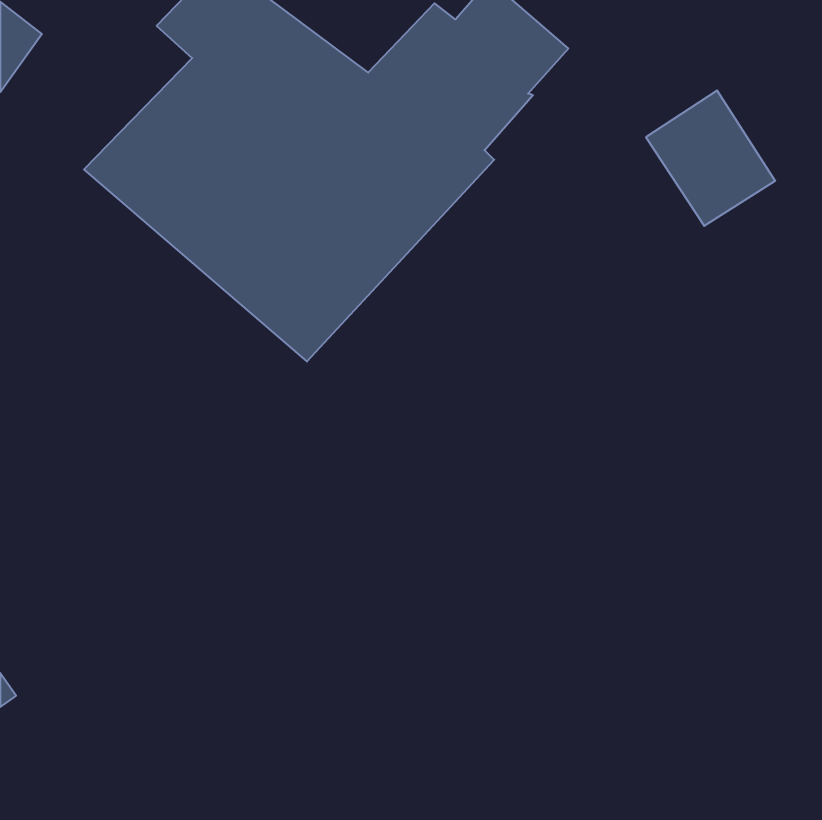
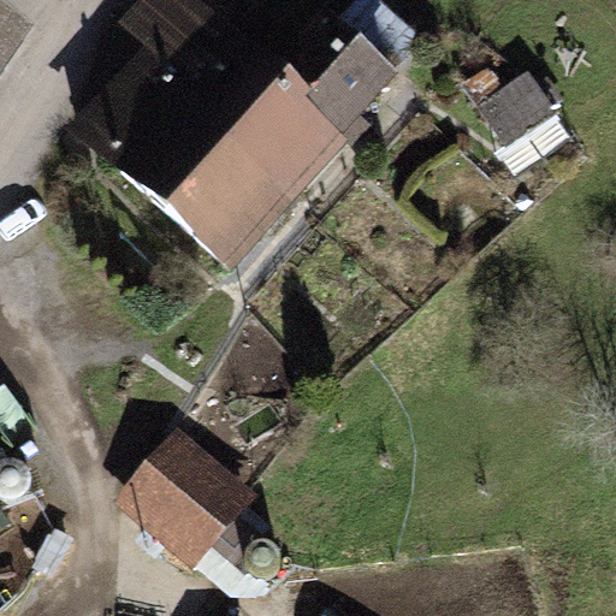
building: none -> [109,427,253,571]

